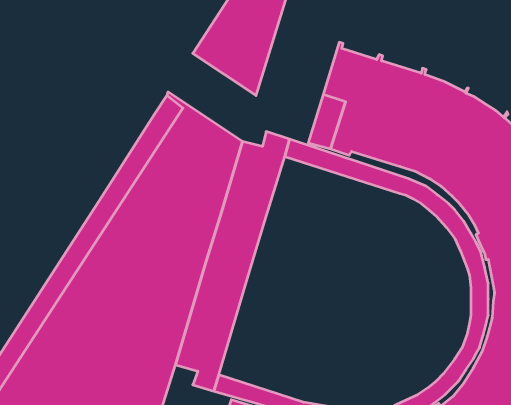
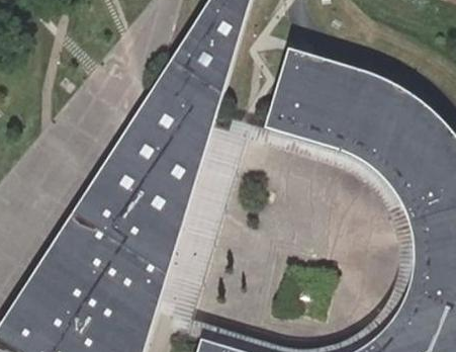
building: none -> [151,59,222,130]

